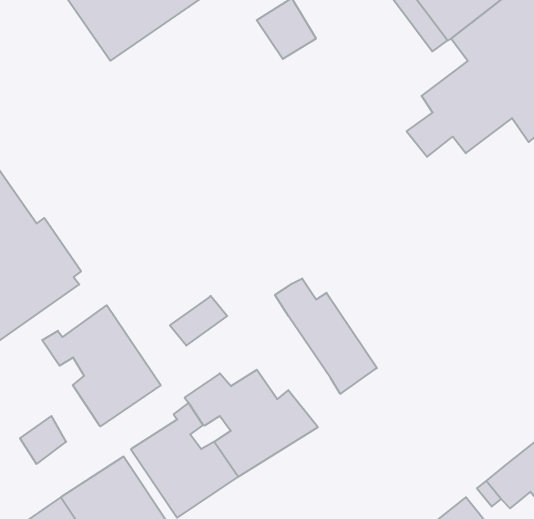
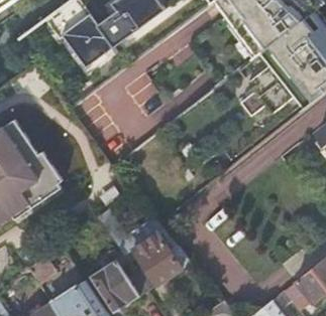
building: [275,278,377,394] -> none
building: [42,305,161,426] -> none

